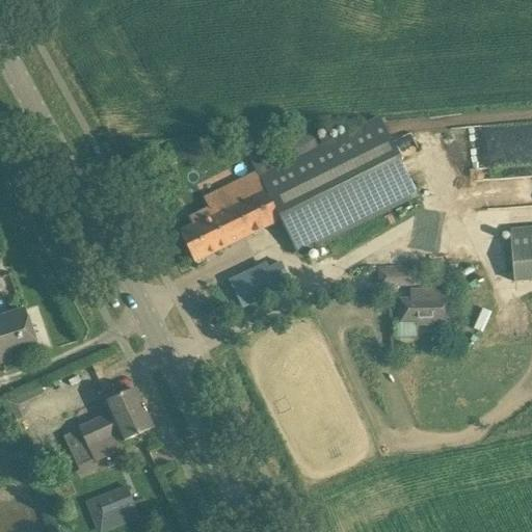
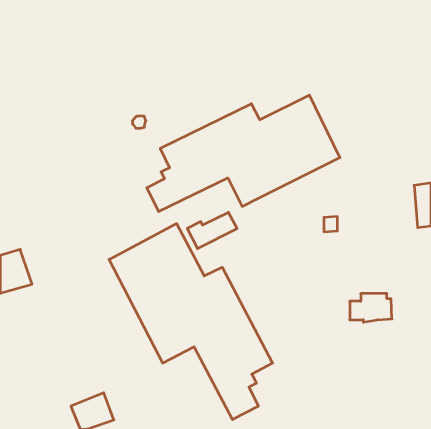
building: none -> [109,224,273,420]
building: [400,289,452,324] -> [350,294,392,322]
building: [63,389,154,466] -> none

